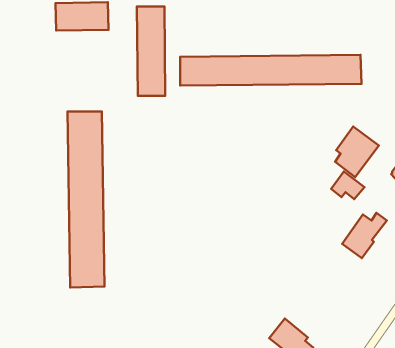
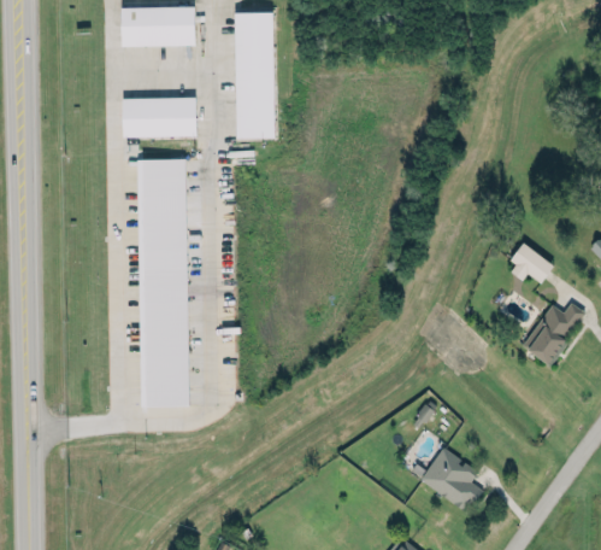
building: [180,55,361,85] -> none
building: none -> [123,96,196,136]
building: [335,126,379,177] -> none

